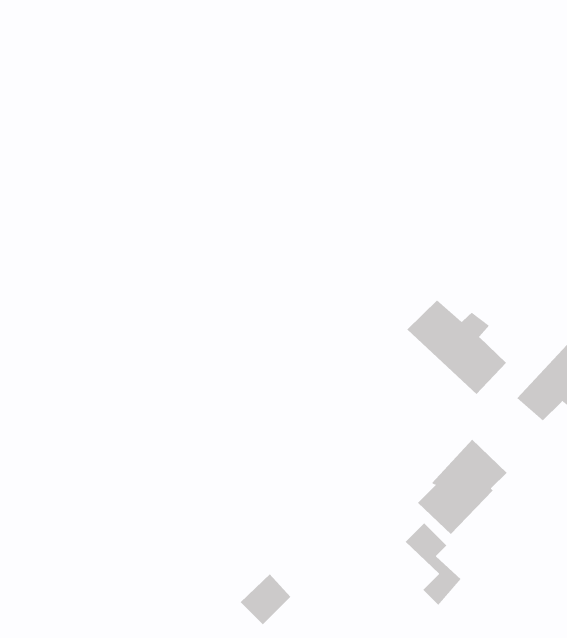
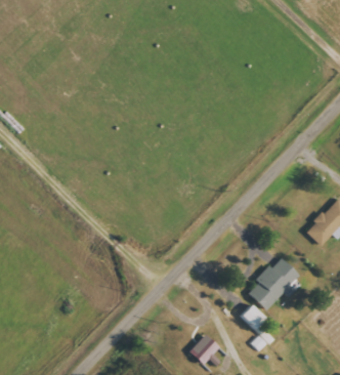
building: [407,299,507,395] -> none
building: [240,574,291,625] -> [189,333,219,363]

